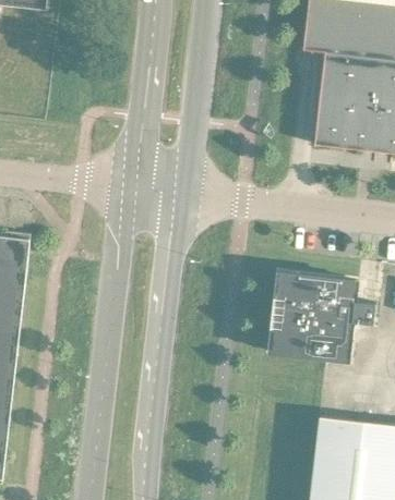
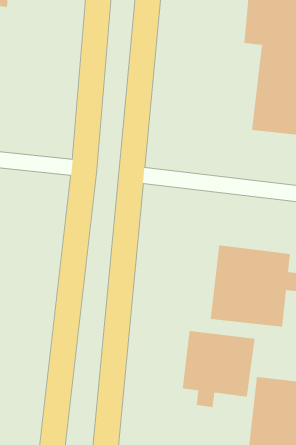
building: none -> [182,330,255,408]

